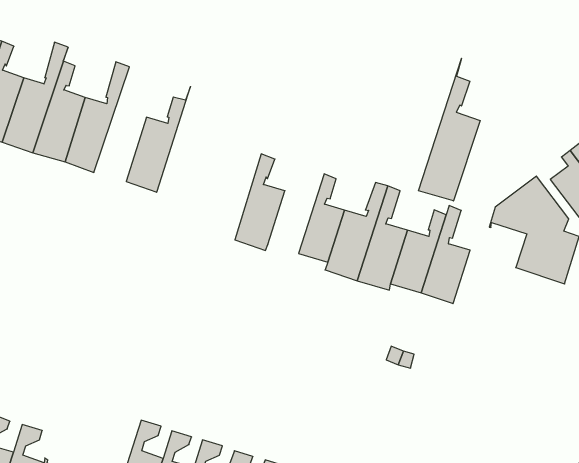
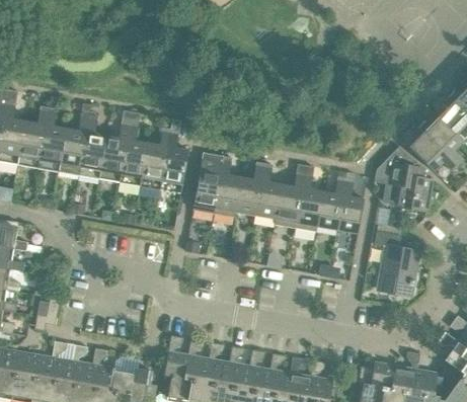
building: [419,58,480,201] -> none
building: none -> [119,111,147,184]
building: none -> [160,118,188,192]
building: none -> [192,152,223,212]
building: none -> [235,161,264,215]
building: none -> [374,230,417,295]

